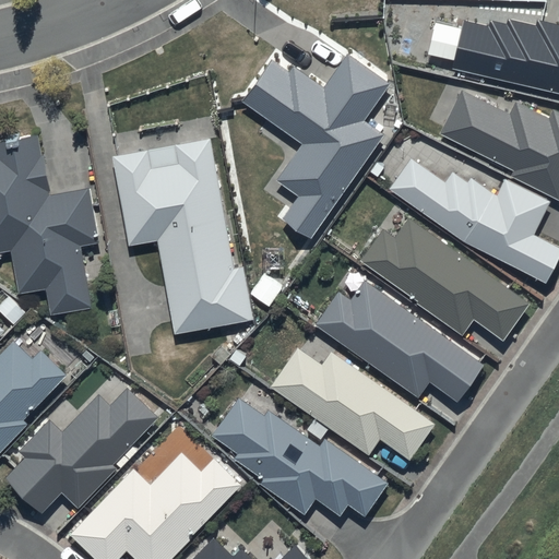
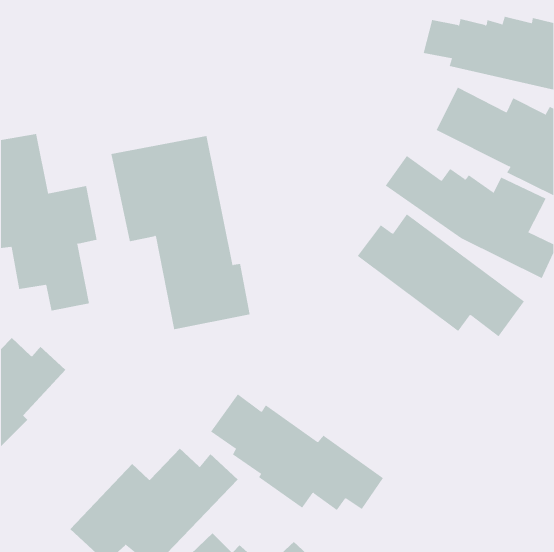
building: [242,55,390,238] -> none
building: [316,281,483,402] -> none
building: [270,348,435,461] -> none
building: [4,389,157,514] -> none

